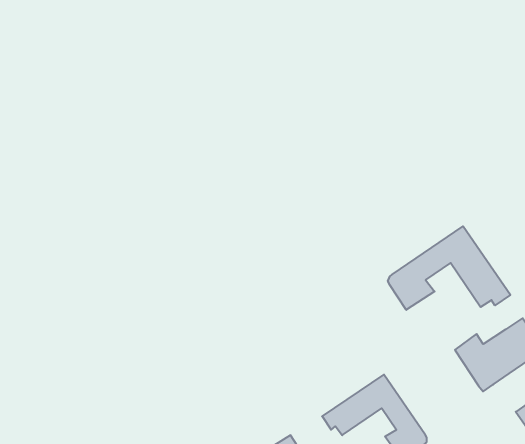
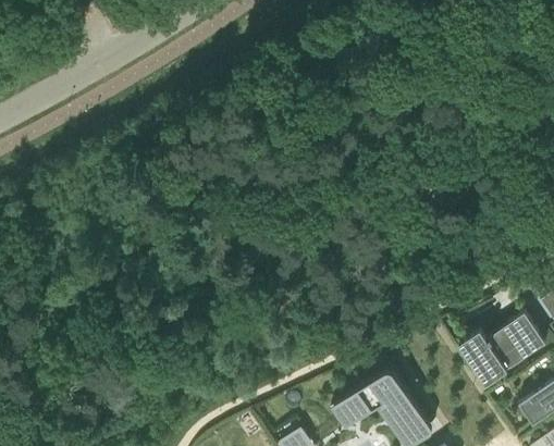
building: [388,226,510,310] -> none

